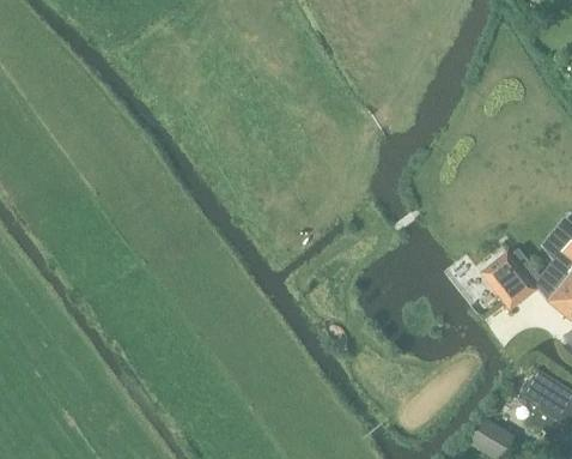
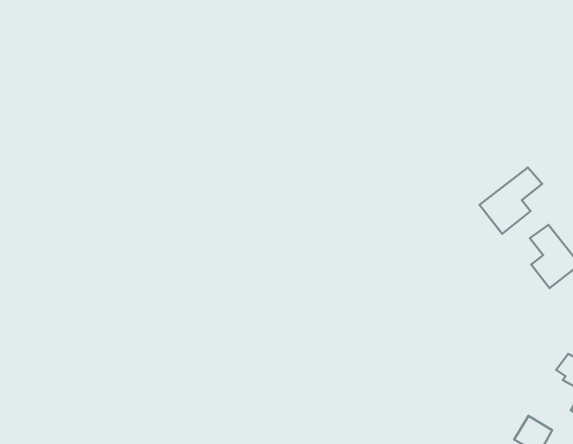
building: none -> [480,168,542,234]

